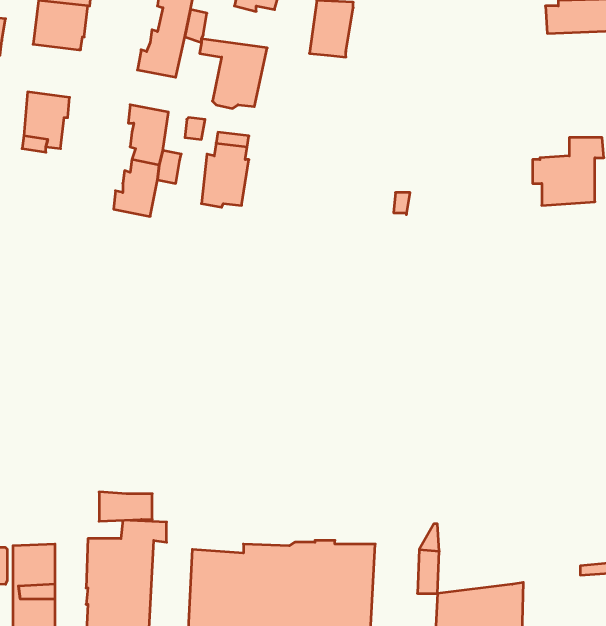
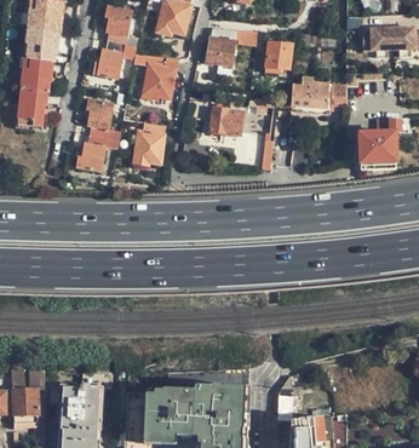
building: none -> [264,41,292,68]
building: none -> [19,57,53,92]
building: none -> [288,81,346,108]
building: none -> [211,107,242,134]
building: [99,492,152,521] -> [10,369,45,389]

